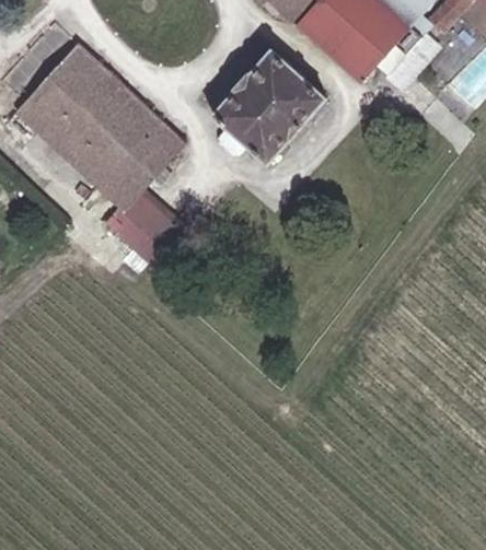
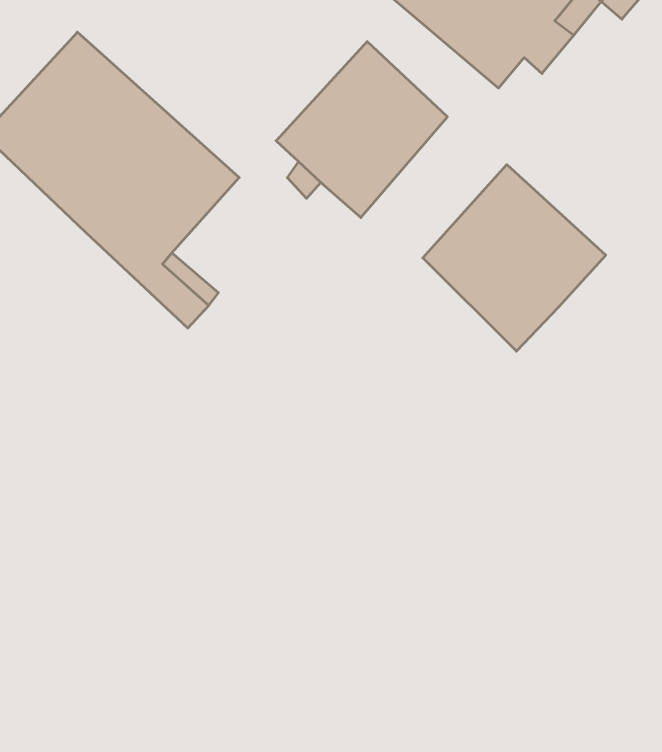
building: none -> [423,165,606,351]

